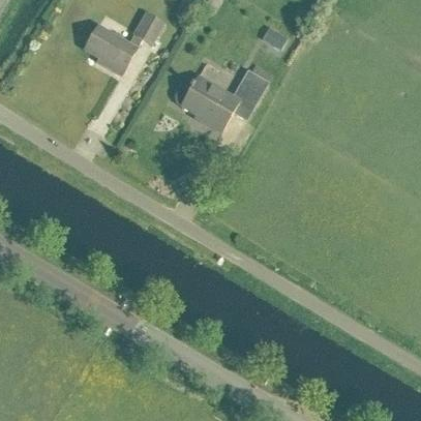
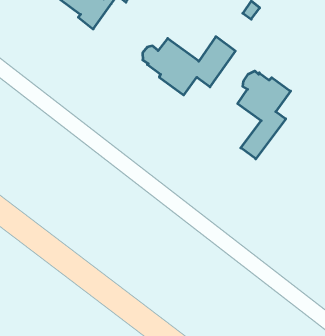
building: none -> [238,71,291,159]

